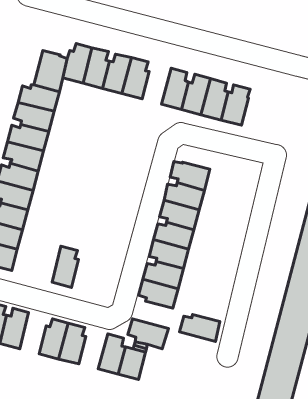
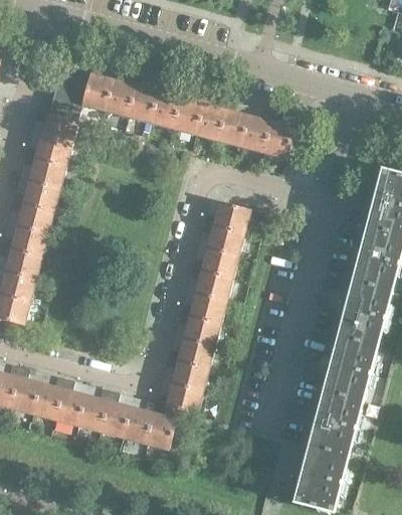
building: none -> [171,90,204,136]
building: [52,246,78,288] -> [31,374,61,421]
building: [179,314,220,342] -> [160,361,206,392]
building: none -> [98,393,132,439]

